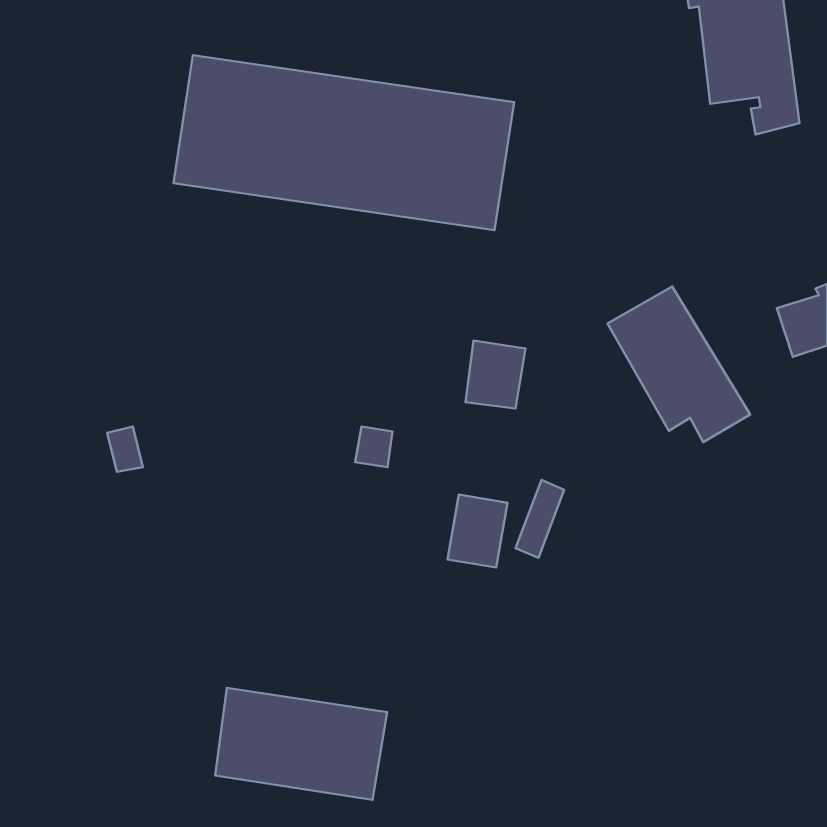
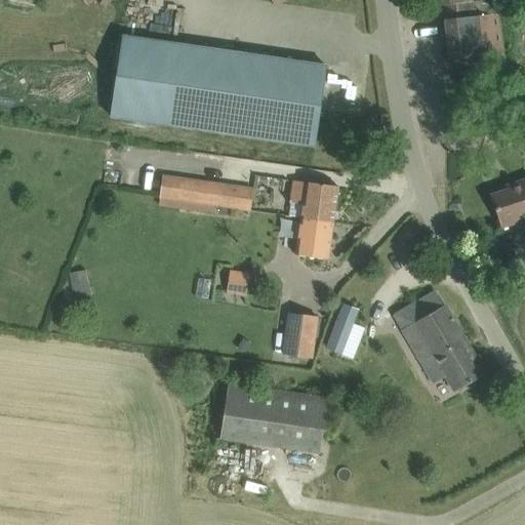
building: none -> [158,174,252,213]
building: none -> [290,179,337,220]
building: [607,286,750,442] -> [393,291,483,390]
building: [215,688,387,800] -> [219,382,328,453]

